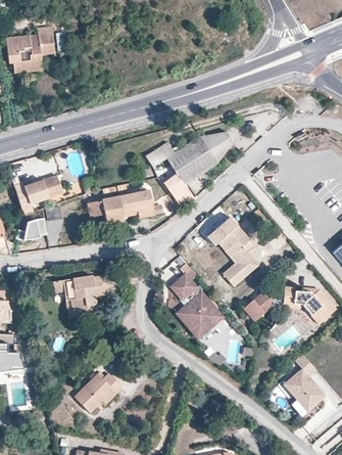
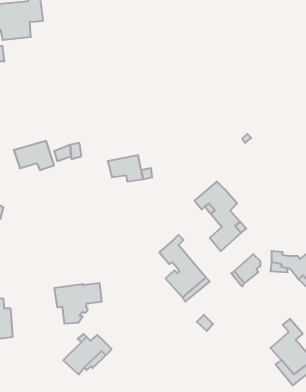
building: [145,132,232,207] -> none
building: [87,196,124,225] -> none
building: [14,218,46,241] -> none
building: [62,275,110,316] -> [54,283,102,324]

